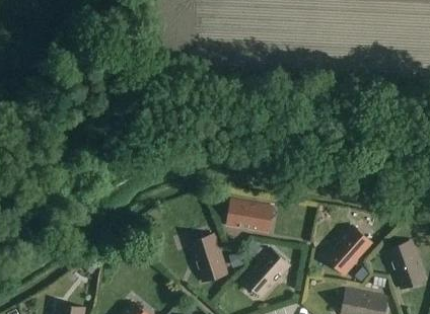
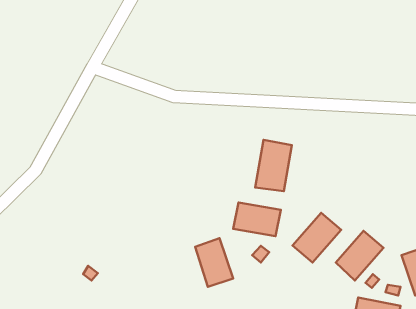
building: none -> [255,140,292,191]
building: [242,248,289,296] -> [293,213,341,263]

